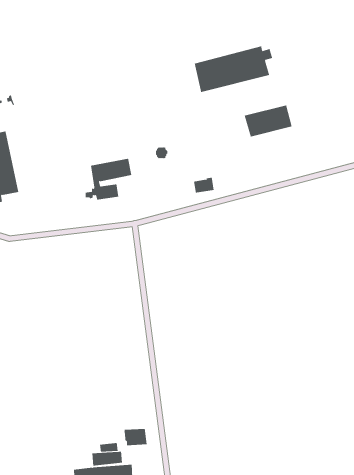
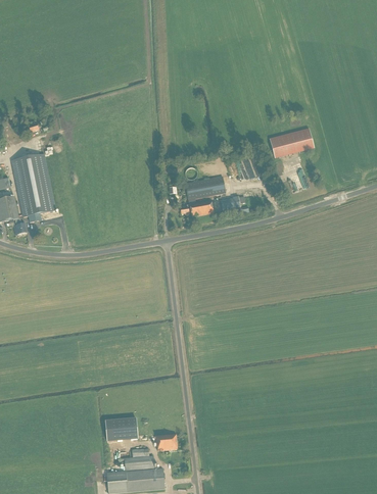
building: [194,46,273,93] -> none
building: [85,158,132,200] -> [180,176,225,215]
building: none -> [104,417,136,440]

